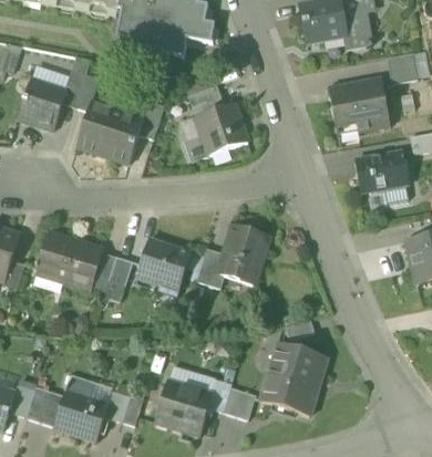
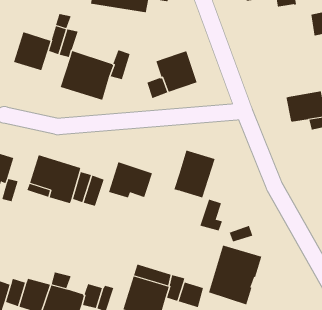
building: [328,76,390,134] -> none
building: [187,83,224,114] -> none
building: [196,247,225,287] -> [199,199,223,231]

